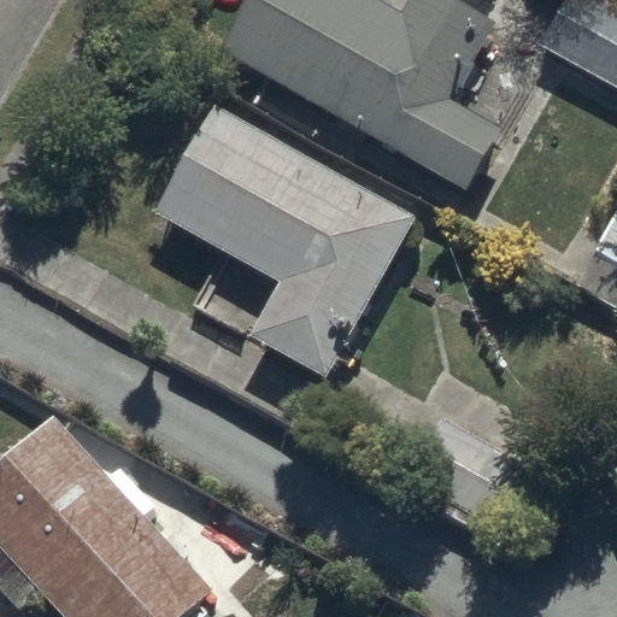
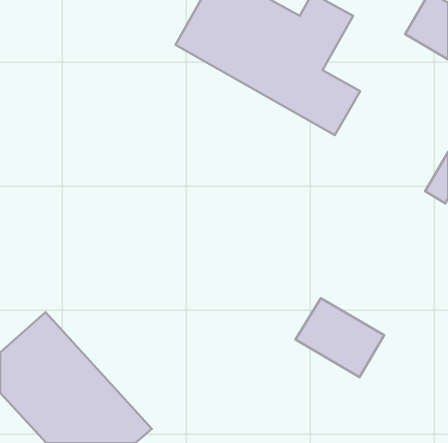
building: [170,117,409,372] -> none

